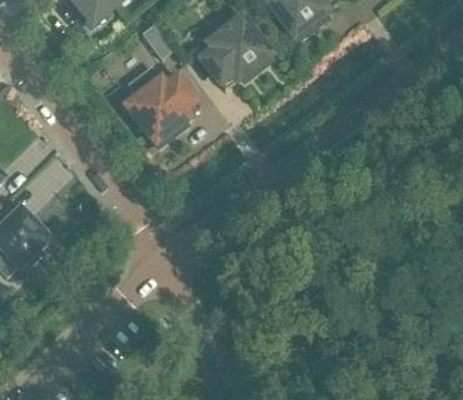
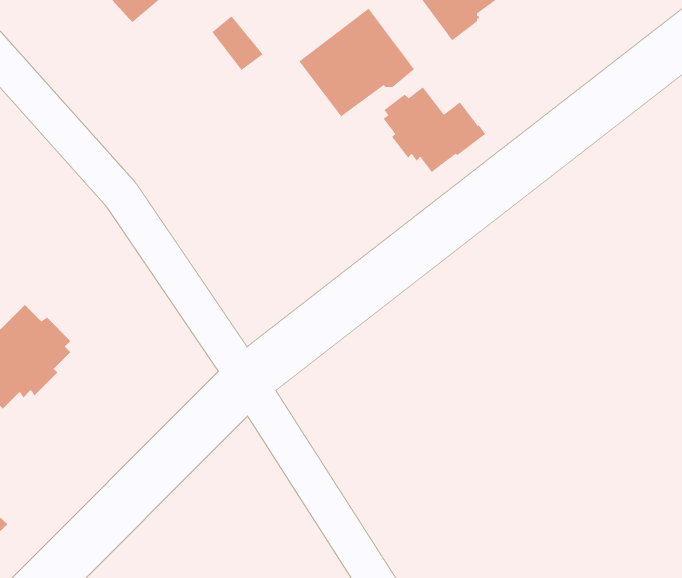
building: none -> [383,86,486,173]
building: [126,70,200,145] -> none

